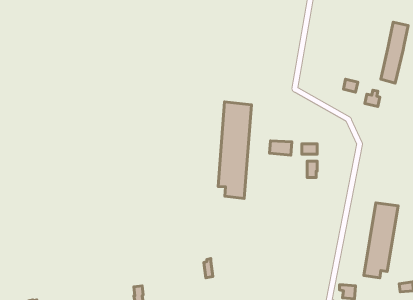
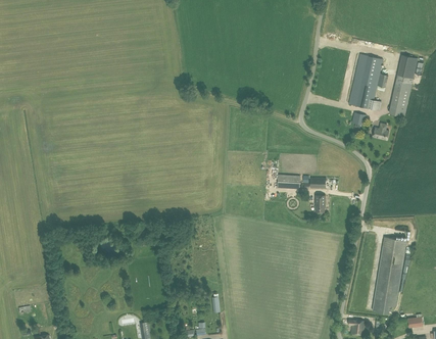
building: none -> [348,53,387,109]
building: [218,102,251,198] -> none

